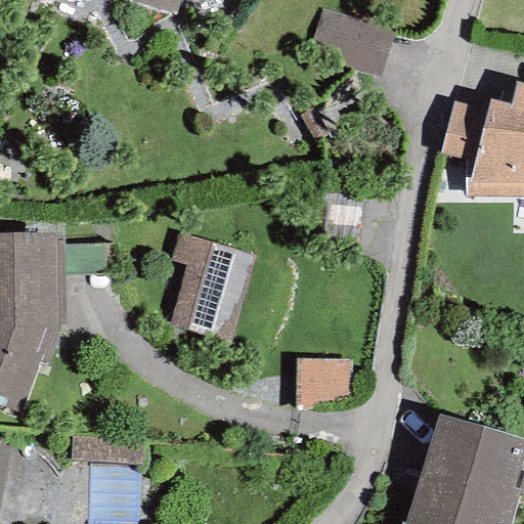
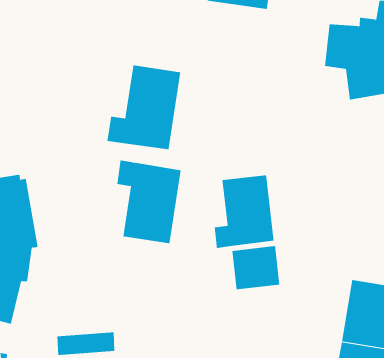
building: none -> [107,64,181,150]
building: none -> [214,175,274,249]

